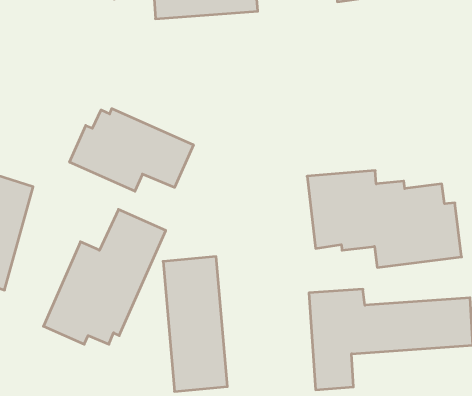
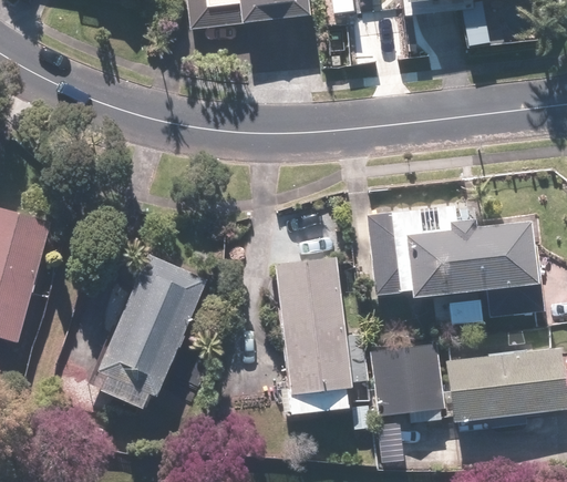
building: [70,109,193,191] -> none
building: [163,257,227,391] -> [275,255,350,412]

